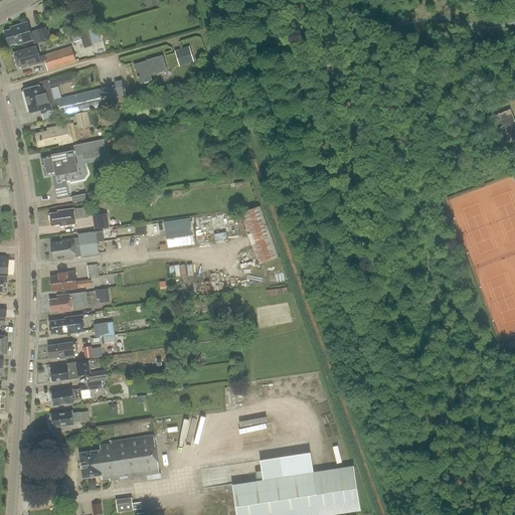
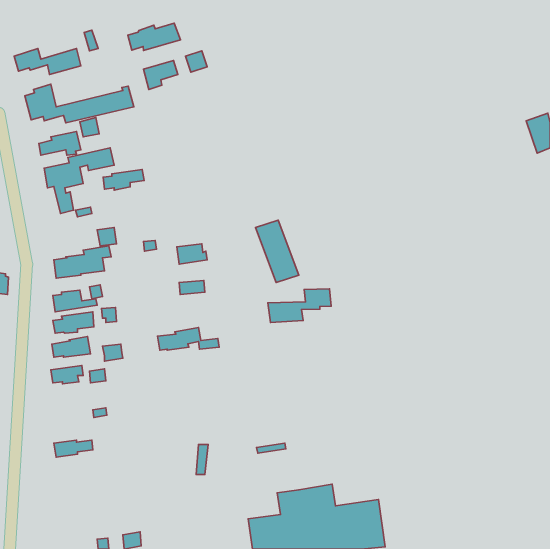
building: [4,21,50,44] -> none
building: none -> [128,23,180,51]
building: [49,206,88,225] -> [103,170,144,190]
building: none -> [268,289,331,322]
building: [49,359,107,380] -> [158,328,219,350]
building: [49,388,85,404] -> none
building: [78,434,160,482] -> none

